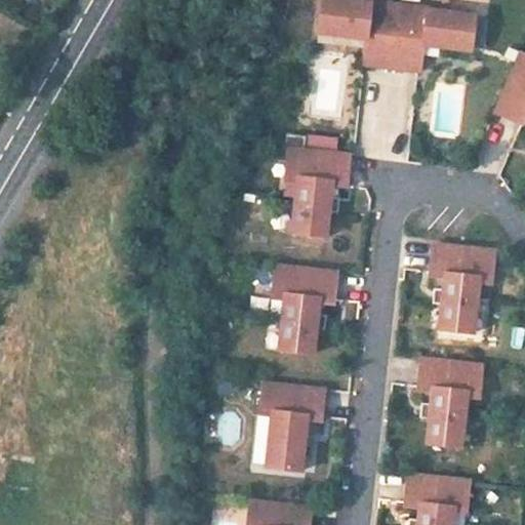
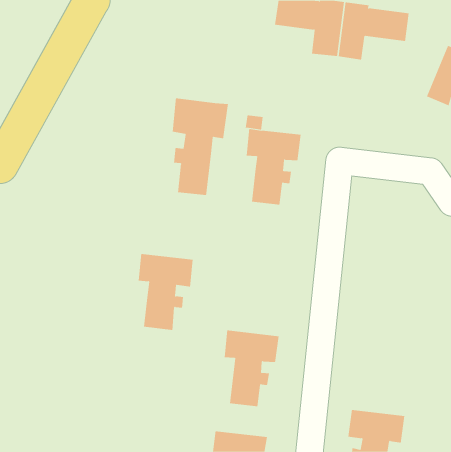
building: none -> [172,97,228,196]
building: [430,243,496,331] -> none
building: [273,266,337,355] -> [138,253,194,330]
building: [417,359,484,447] -> none

